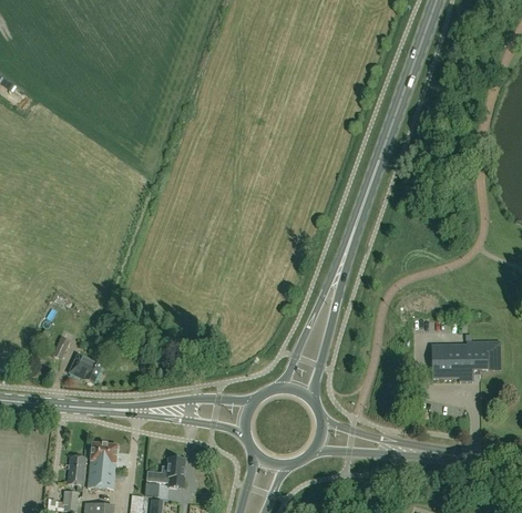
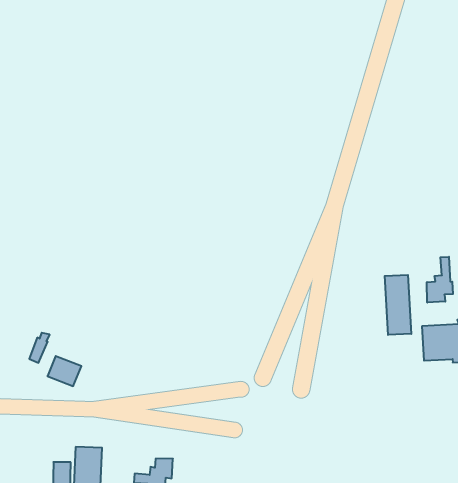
building: none -> [427,257,453,303]
building: none -> [385,275,411,335]

